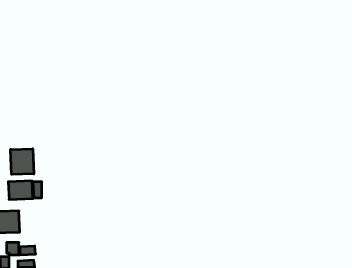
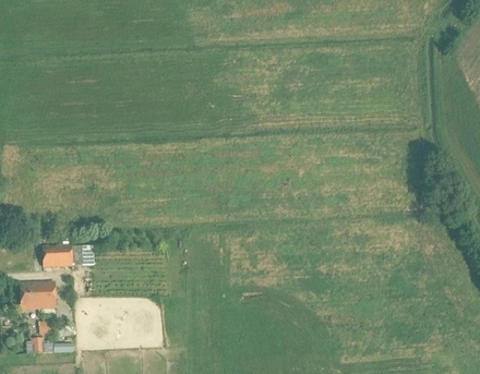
building: [11,149,34,174] -> none

